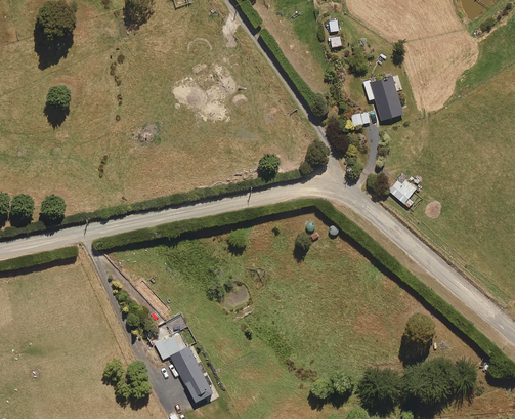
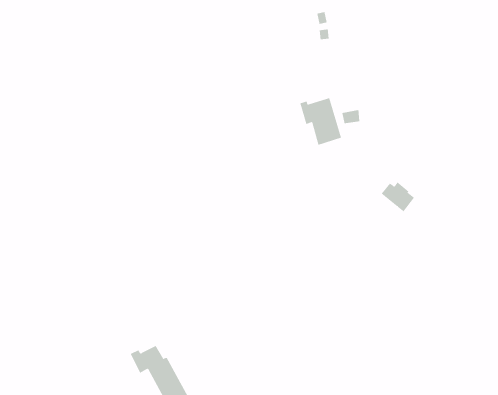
building: [362,75,402,120] -> [299,98,342,146]

